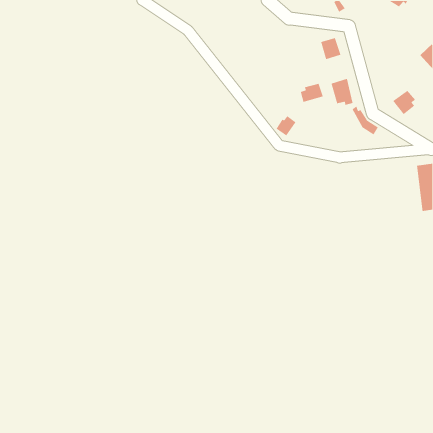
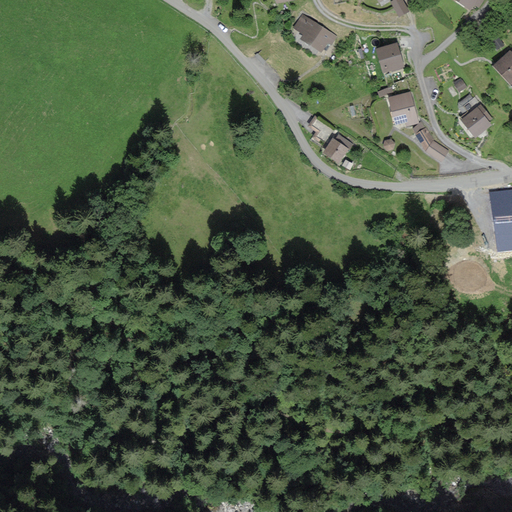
building: none -> [295,15,335,50]
building: [300,83,324,103] -> none

